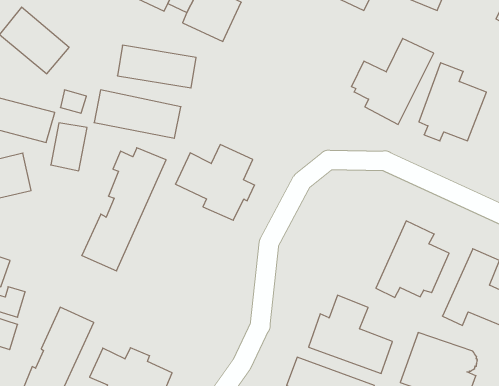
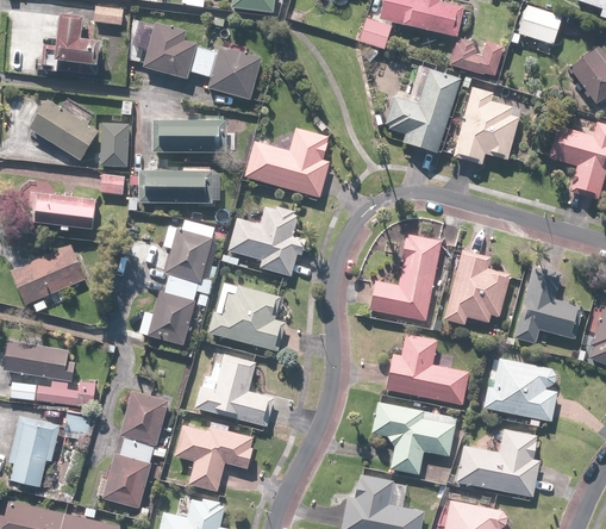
building: none -> [449,39,501,79]
building: none -> [245,126,331,197]
building: [51,123,87,171] -> [101,124,131,168]
building: none -> [369,234,442,319]
building: none -> [206,285,285,350]
building: none -> [194,355,273,425]

